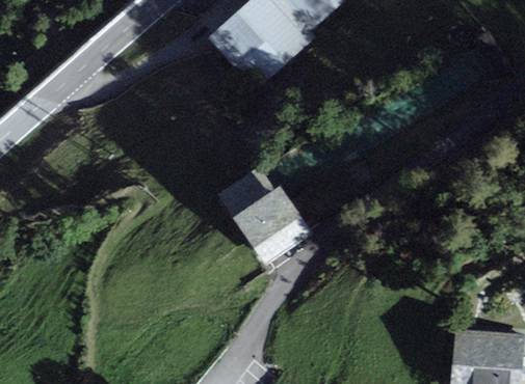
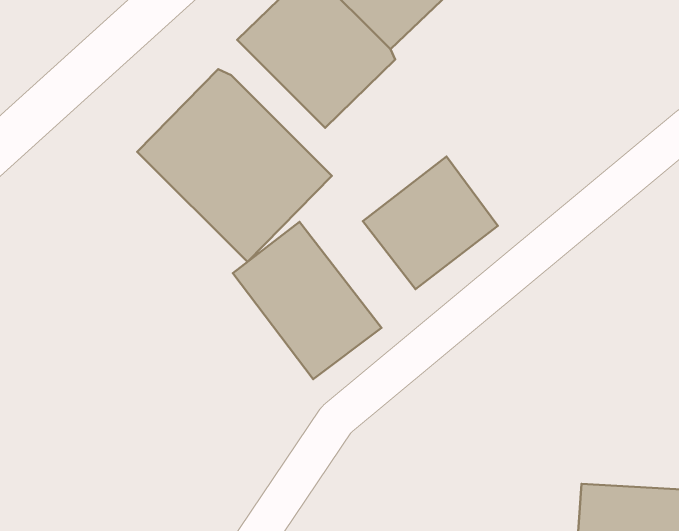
building: none -> [137,69,332,262]
building: none -> [363,157,498,289]

